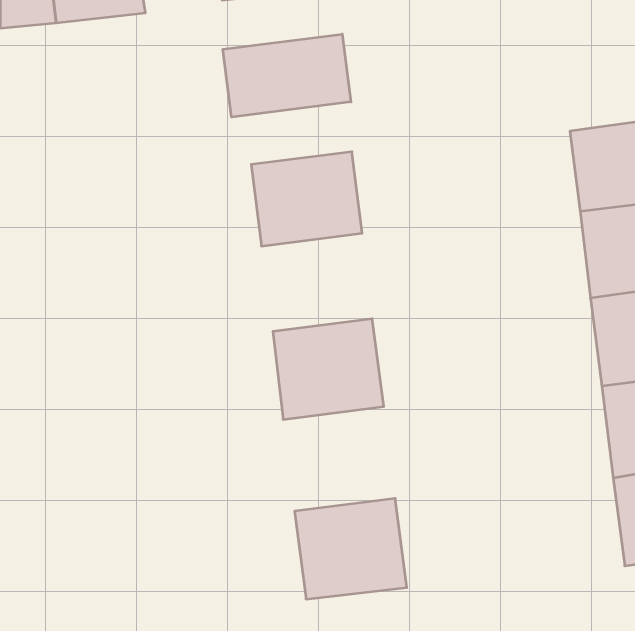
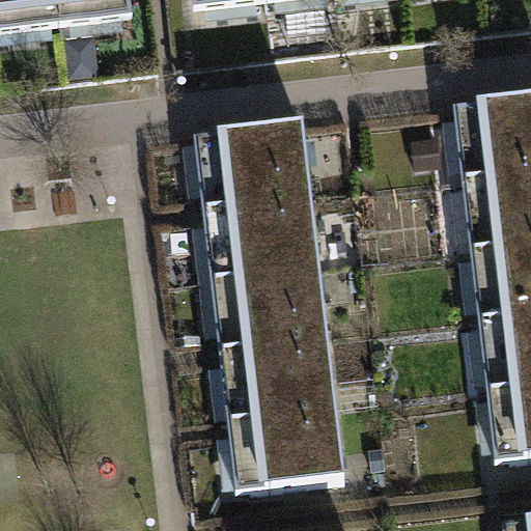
building: [223,34,351,117] -> none
building: none -> [226,190,316,270]
building: none -> [244,331,335,416]

